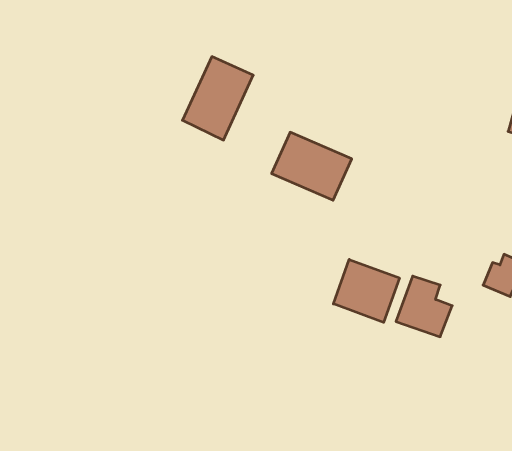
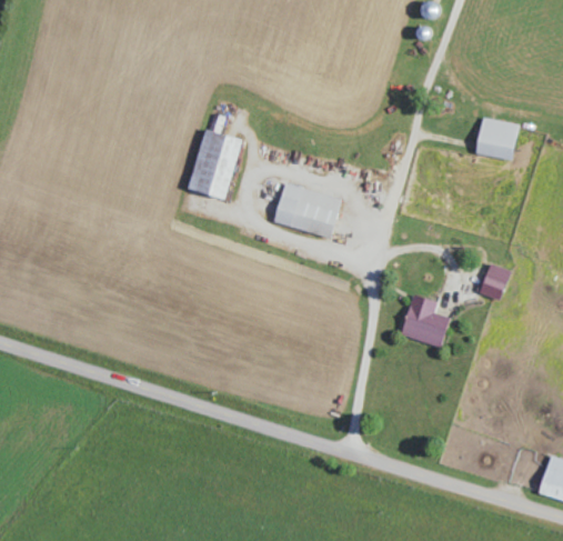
building: [333,259,399,322] -> none

